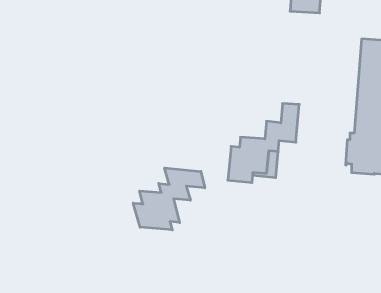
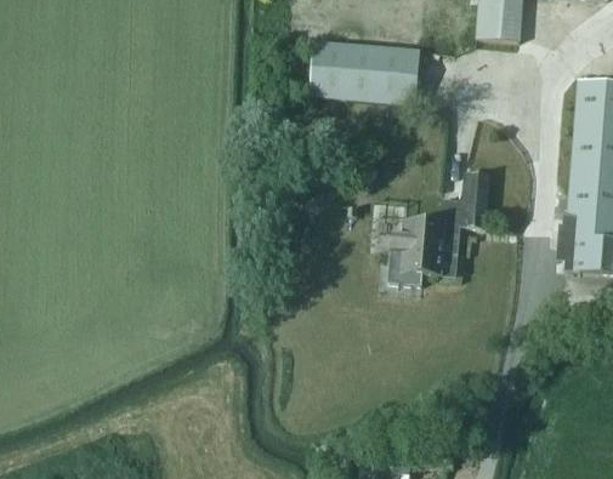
building: none -> [311,41,425,103]
building: [133,168,205,230] -> none

